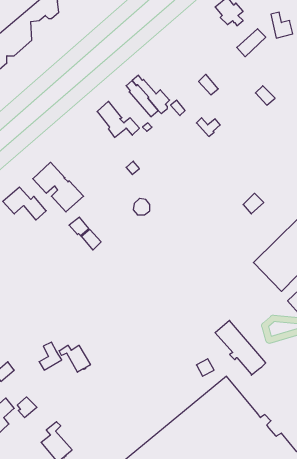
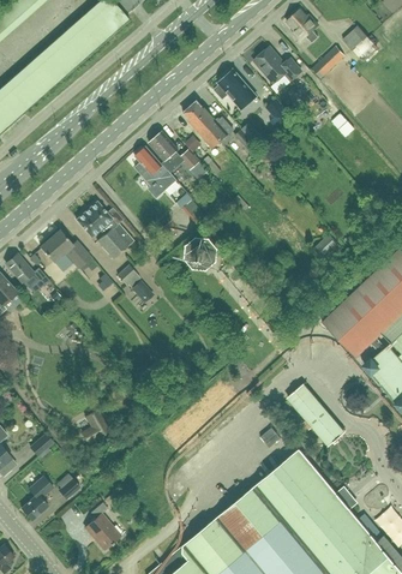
building: none -> [254,47,302,84]
building: none -> [215,70,257,109]
building: none -> [136,148,178,197]
building: [59,345,90,372] -> none

